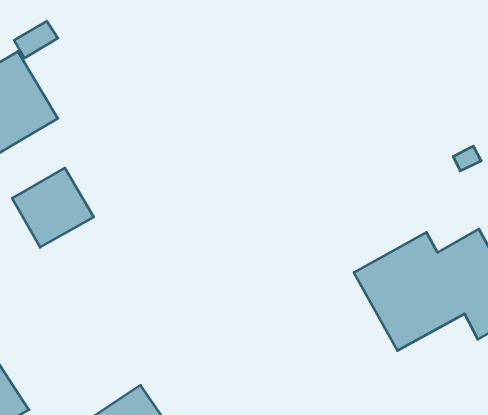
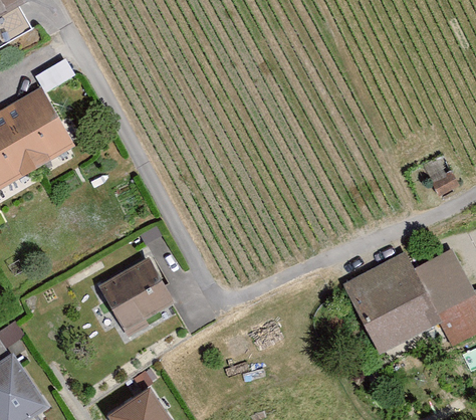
building: [12,168,94,247] -> [101,259,175,331]

